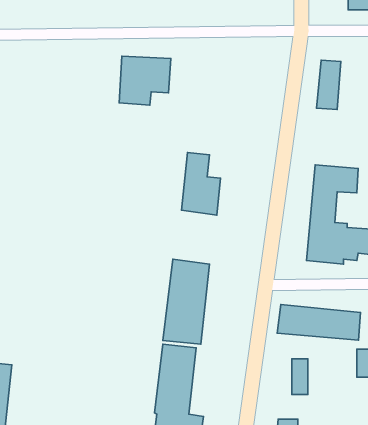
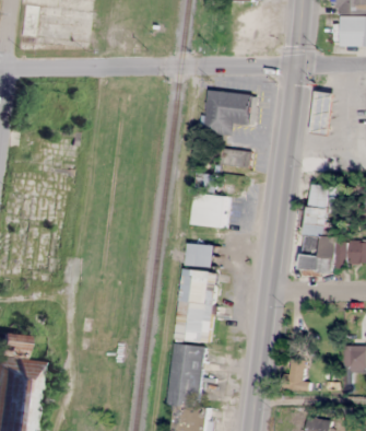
building: [119,56,171,105] -> [205,91,251,135]
building: none -> [220,148,250,168]
building: none -> [185,243,214,268]
building: [277,304,360,340] -> none

